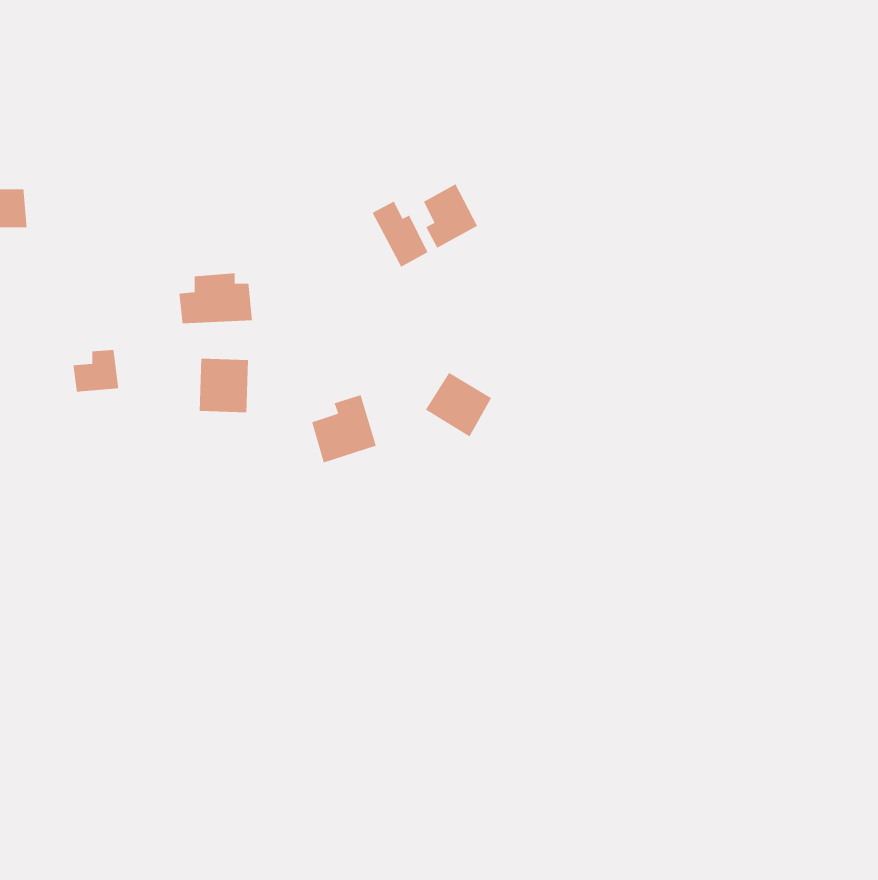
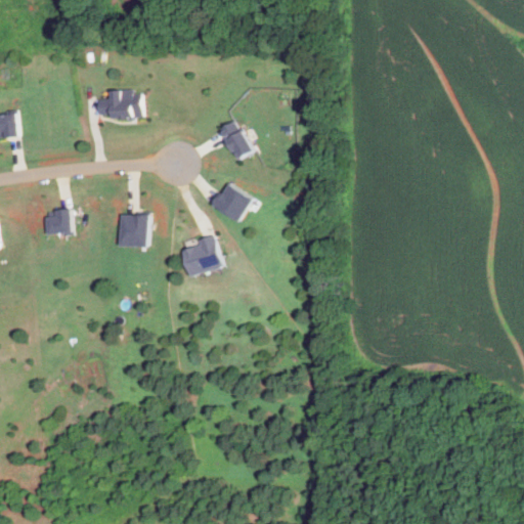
building: [423,183,478,249] -> none
building: [178,272,253,324] -> [98,89,142,120]
building: [425,372,492,438] -> [211,183,251,222]

